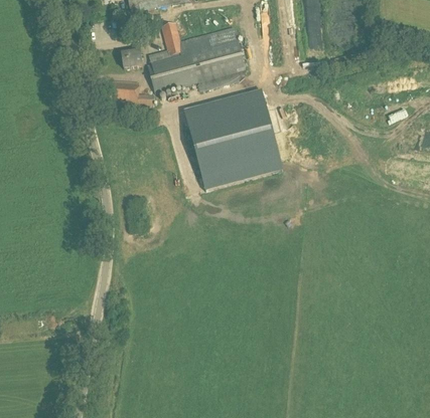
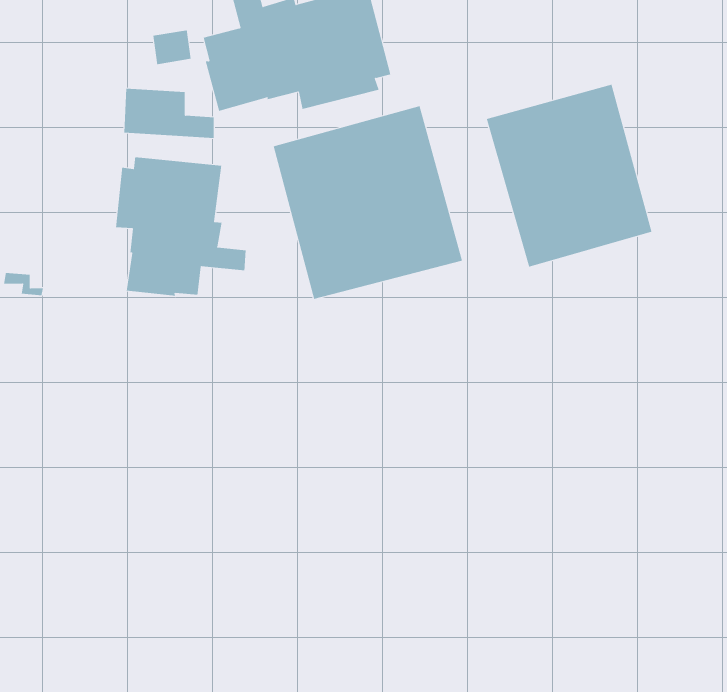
building: none -> [486,84,652,267]
building: none -> [116,156,246,297]

